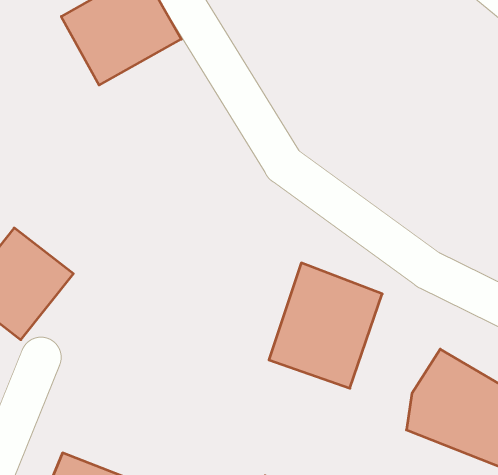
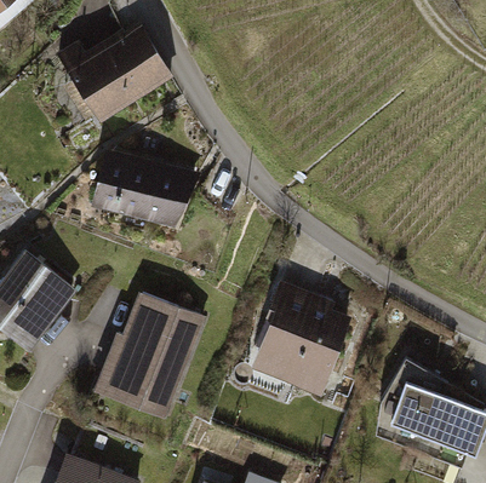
building: none -> [90,151,196,232]
building: none -> [99,291,207,418]

